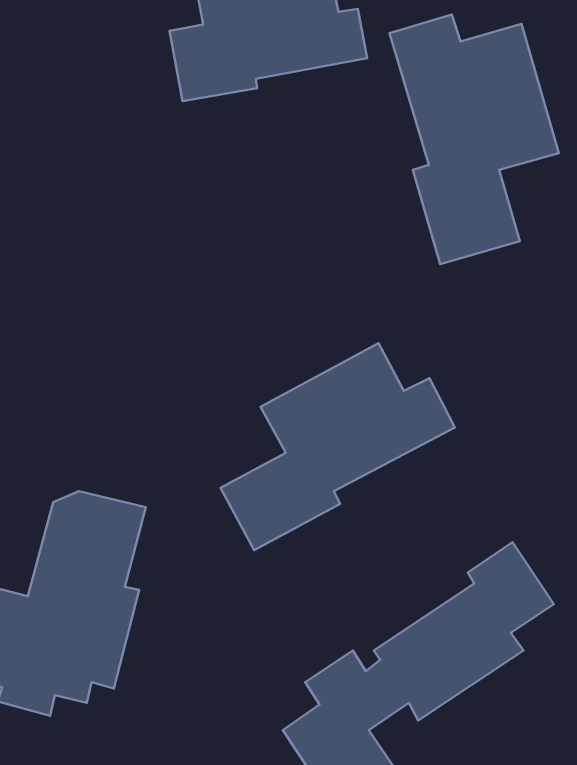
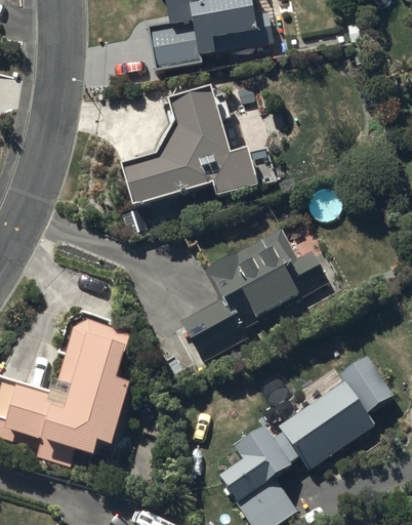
building: [389,14,559,264] -> none
building: none -> [120,90,278,210]

